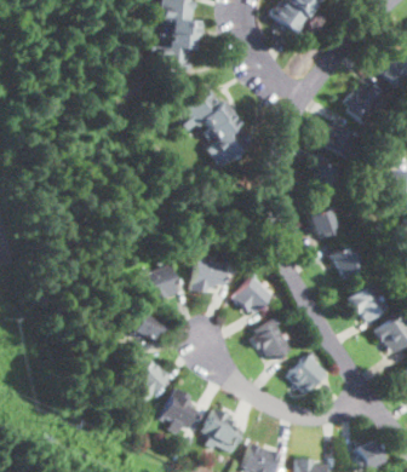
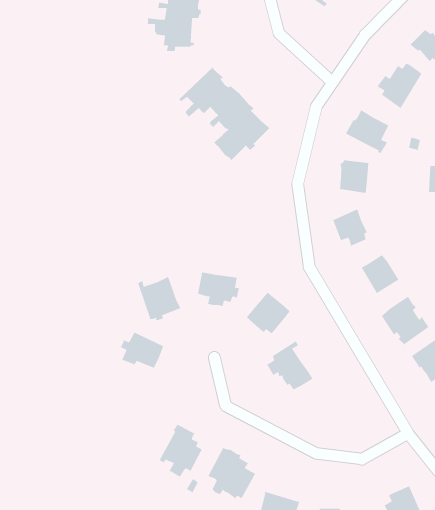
building: [288,355,328,392] -> none
building: [132,359,171,403] -> none

